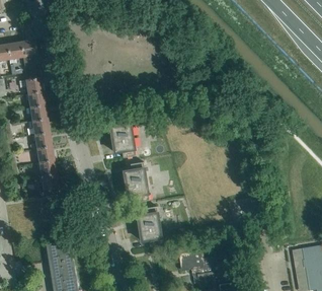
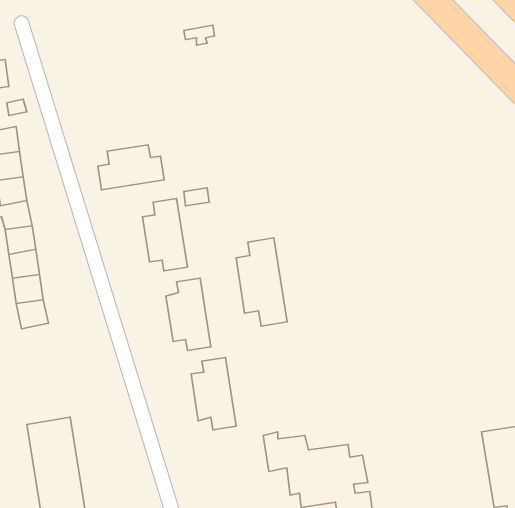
building: none -> [98,145,164,190]
building: none -> [236,238,287,326]

